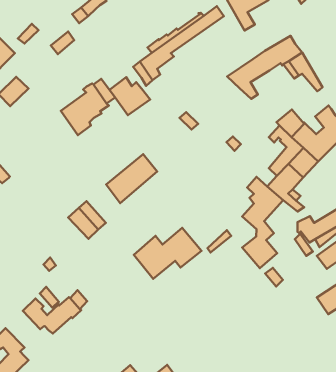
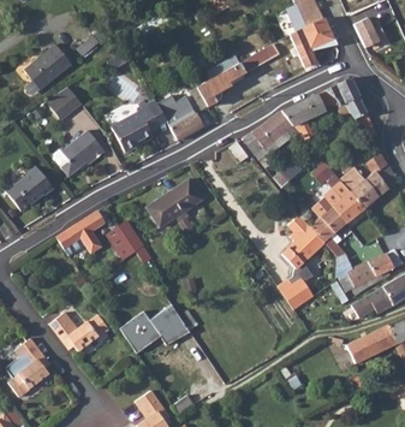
building: none -> [243,111,293,167]
building: none -> [53,131,105,174]
building: none -> [55,209,105,255]
building: [134,228,201,279] -> [120,306,189,354]

